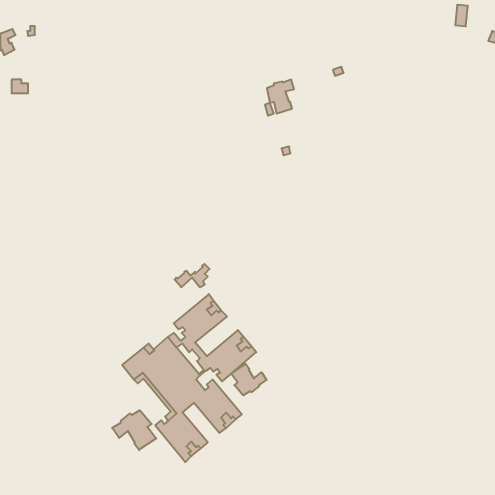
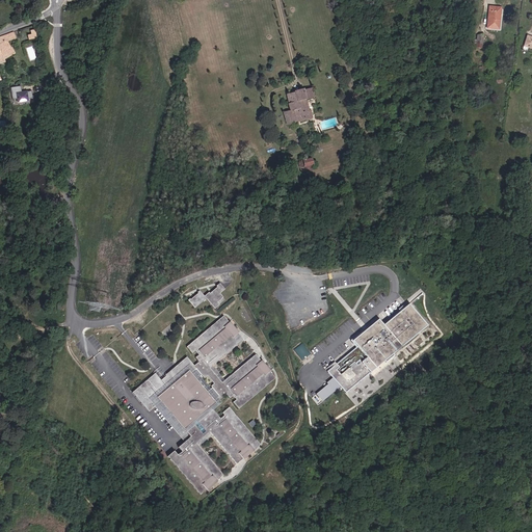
building: none -> [328,302,429,392]
building: [231,364,267,395] -> none
building: [112,410,156,450] -> none

